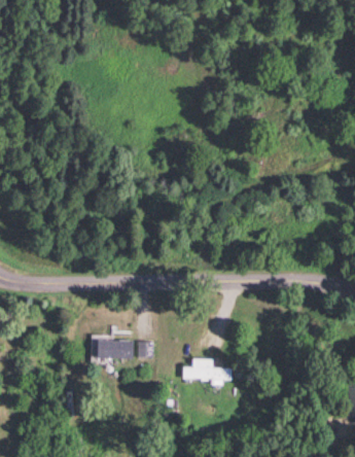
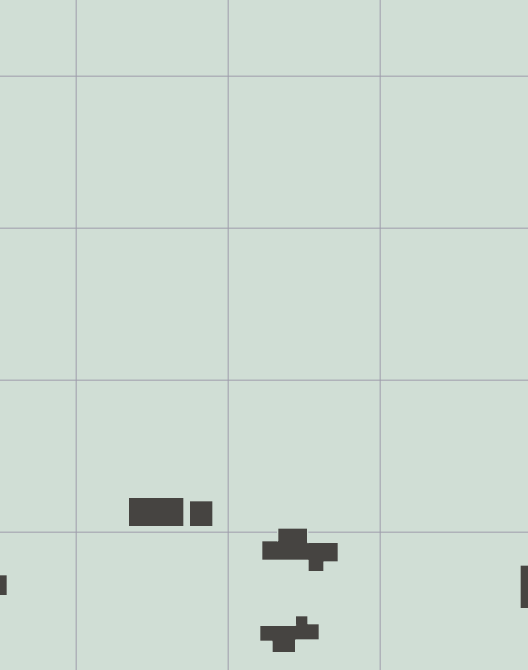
building: none -> [260,615,319,653]

